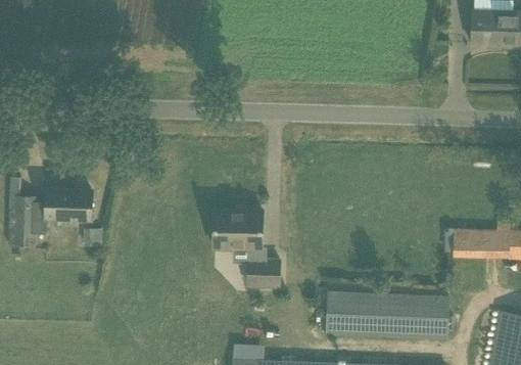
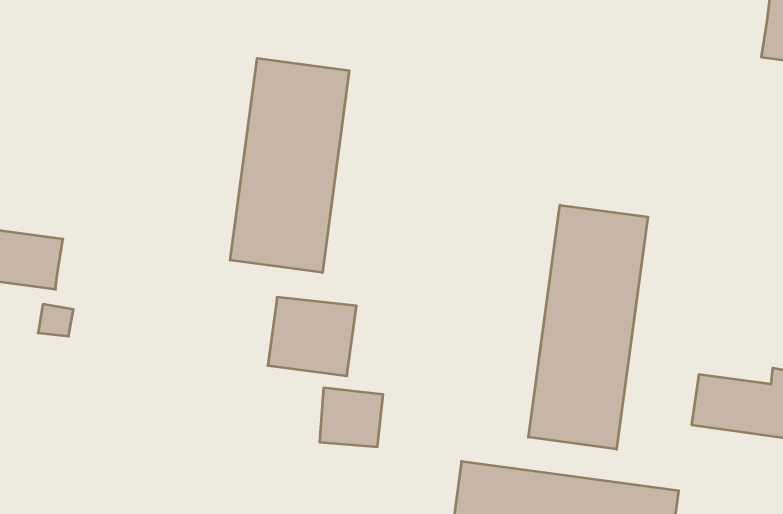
building: none -> [230,58,349,273]
building: none -> [528,205,648,449]

